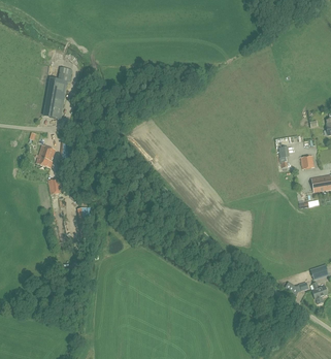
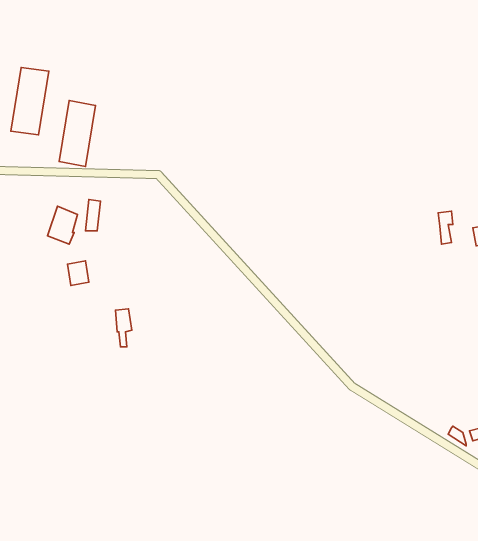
building: none -> [11,67,49,135]

